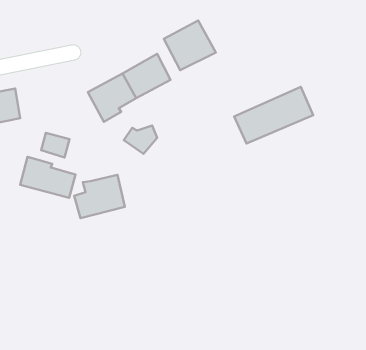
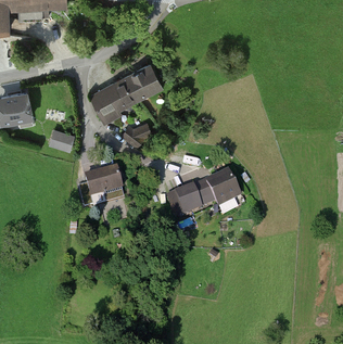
building: [164,20,216,70] -> none
building: [234,87,313,144] -> [169,170,239,220]
building: [20,157,76,198] -> none

